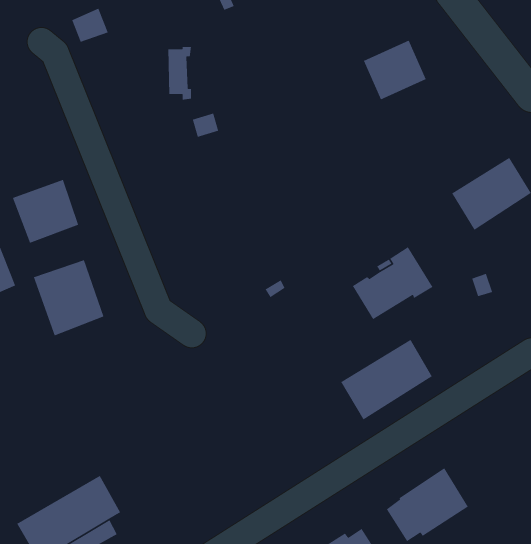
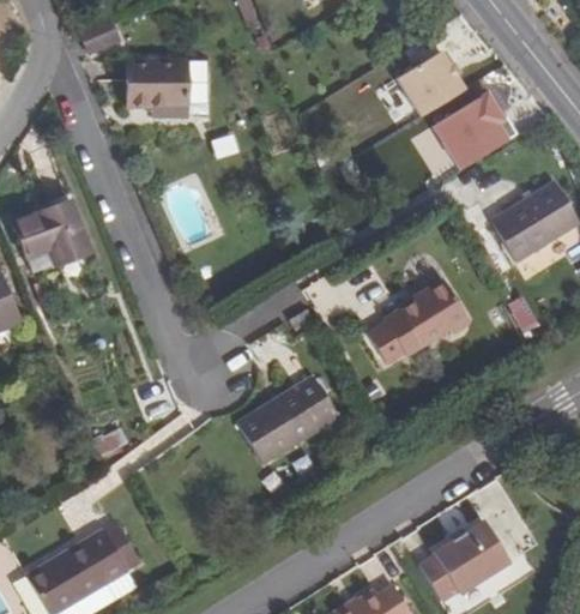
building: none -> [125,61,185,115]
building: none -> [433,92,514,167]
building: [33,259,104,336] -> none
building: [340,339,433,421] -> [235,378,336,466]

